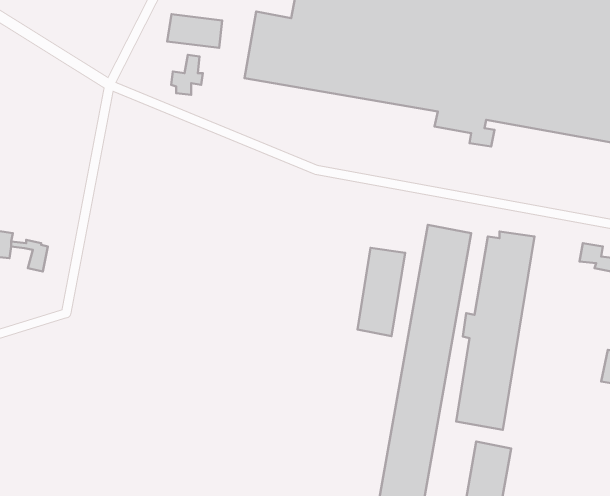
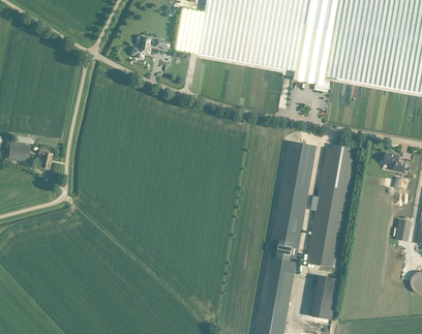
building: [167,14,222,48] -> none
building: [358,248,405,336] -> none

